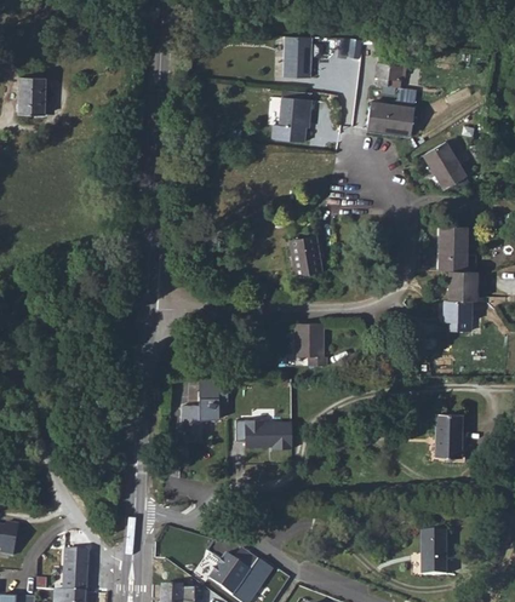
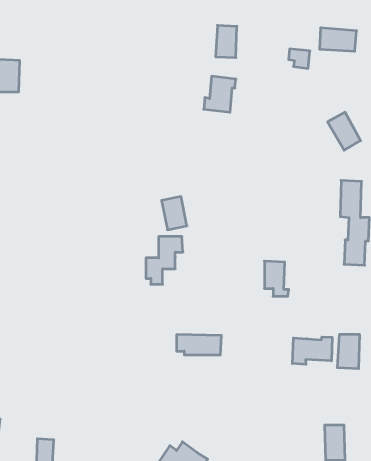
building: [371,103,417,132] -> [320,28,357,51]
building: [290,236,321,277] -> [162,197,187,230]
building: [297,323,327,367] -> [264,261,289,296]
building: [183,382,229,441] -> [146,237,183,284]
building: none -> [292,337,332,364]

